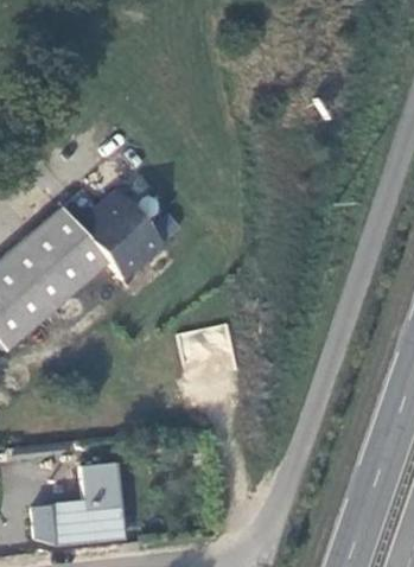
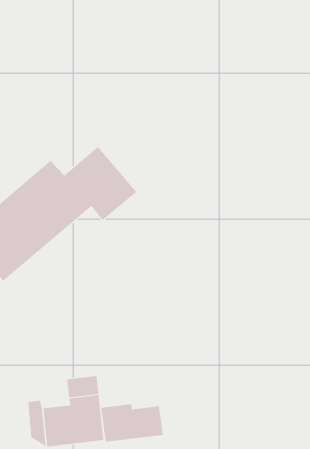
building: [181,324,238,397] -> none
building: none -> [101,404,164,442]

